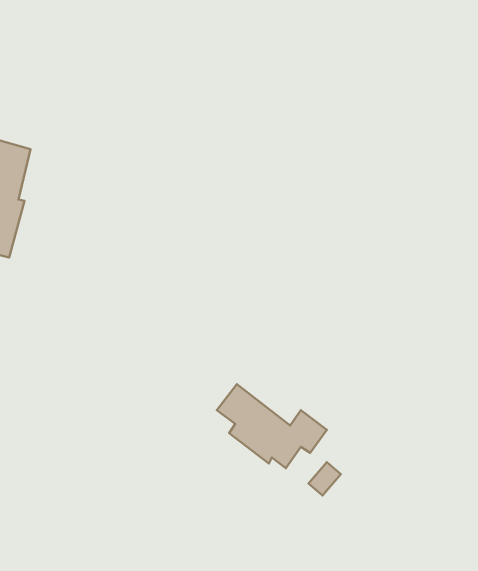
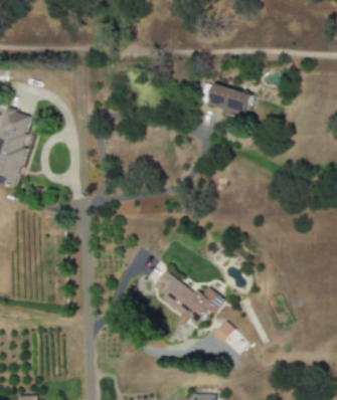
building: none -> [207,84,251,117]

